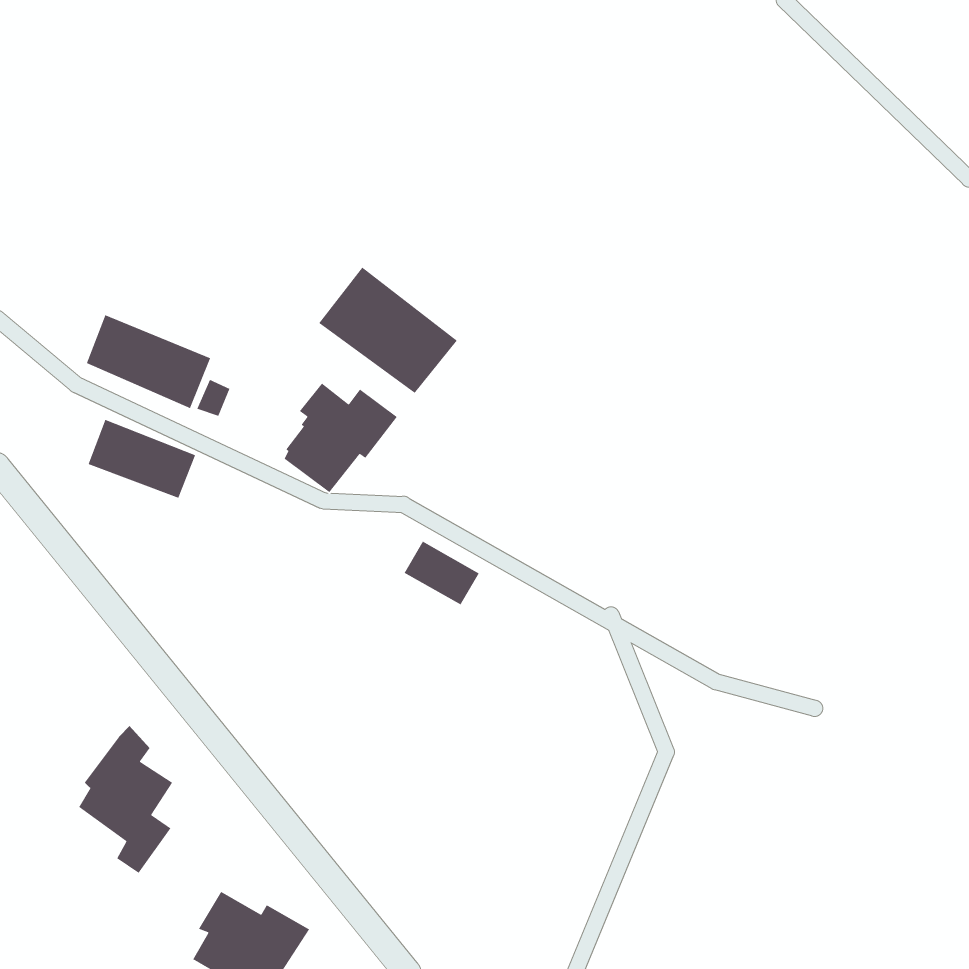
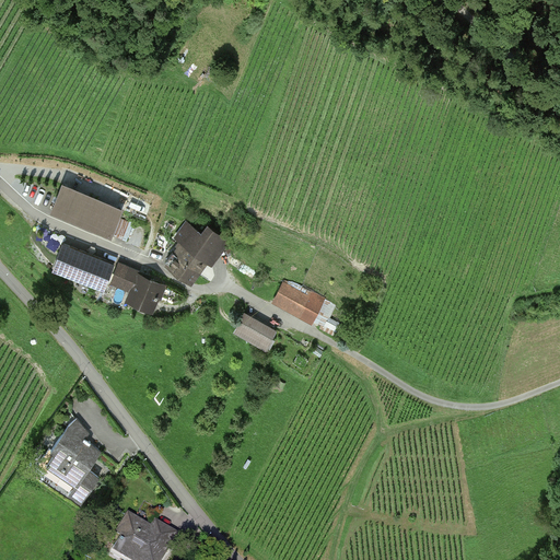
building: [318,267,458,394] -> none
building: none -> [109,265,166,313]
building: none -> [269,282,324,326]

